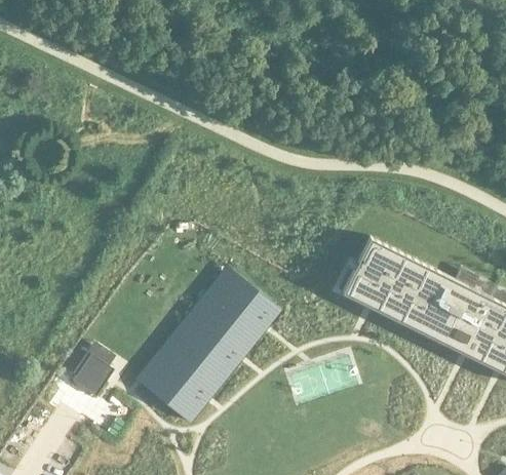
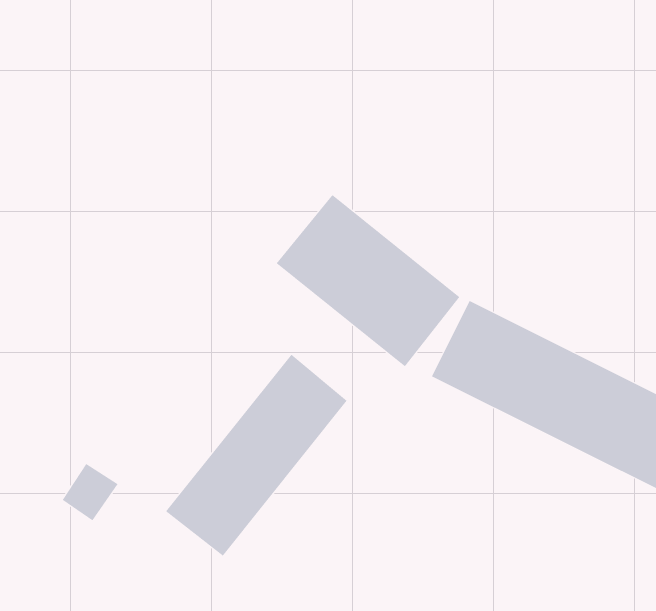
building: none -> [276,194,460,367]

